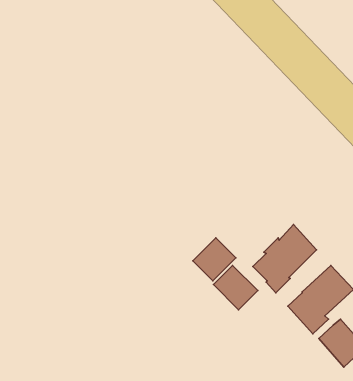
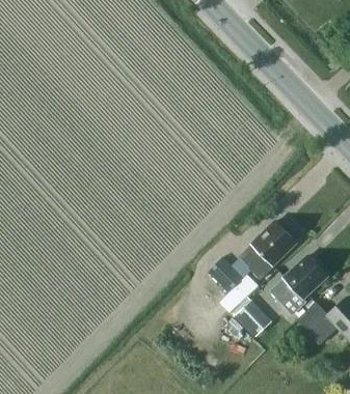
building: [193,238,236,281] -> none
building: none -> [235,301,272,339]

